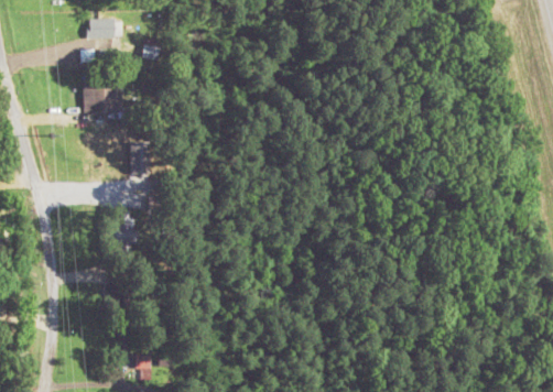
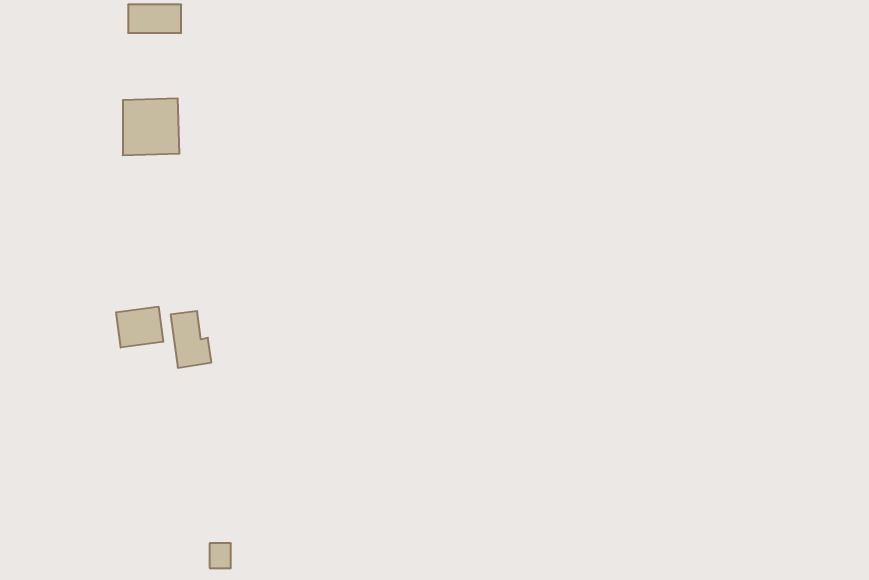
building: none -> [116,307,163,348]

